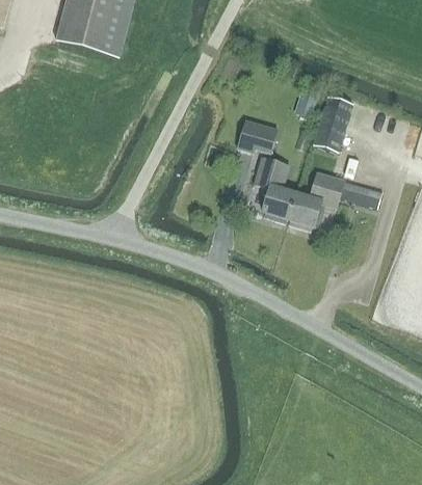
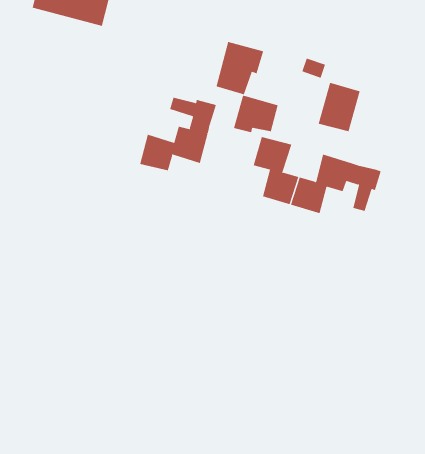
building: none -> [216,41,264,95]
building: none -> [139,97,216,171]

